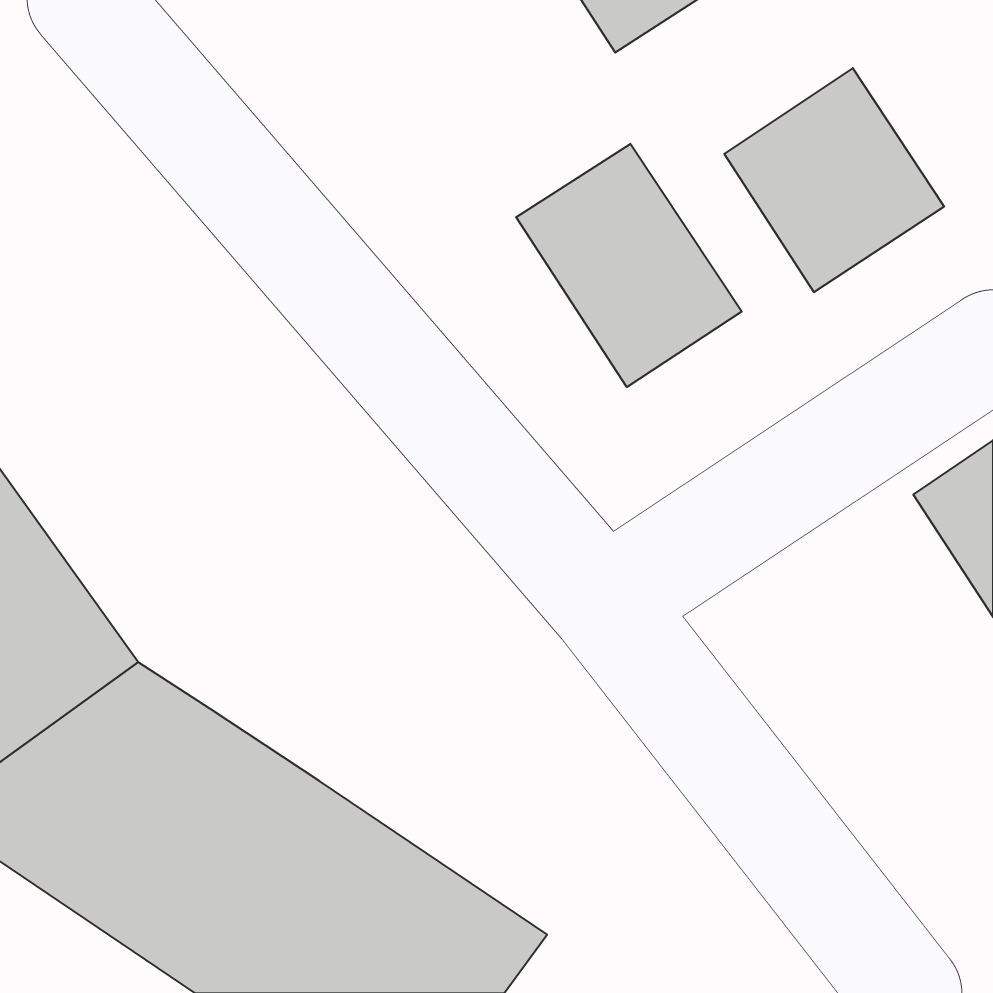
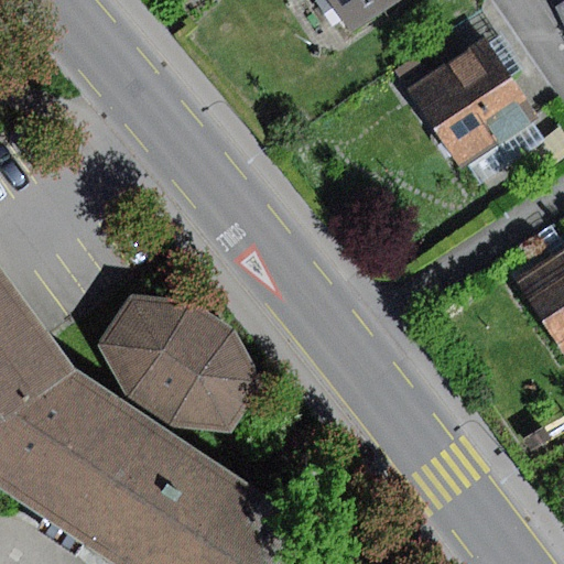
building: [516,144,742,387] -> none
building: none -> [99,297,262,442]

